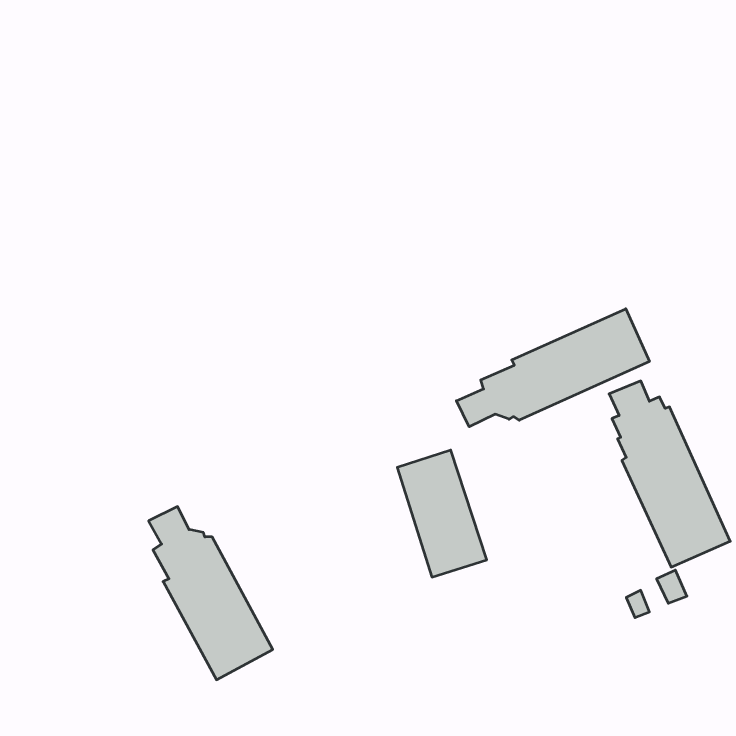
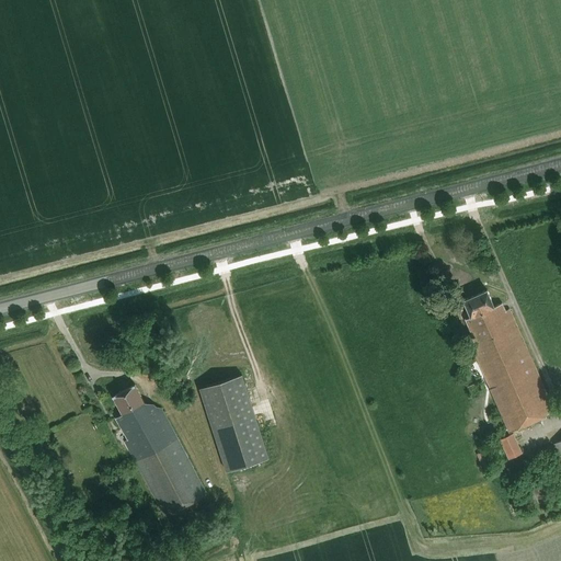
building: [456,309,649,427] -> none
building: [397,450,487,577] -> [199,375,267,471]

